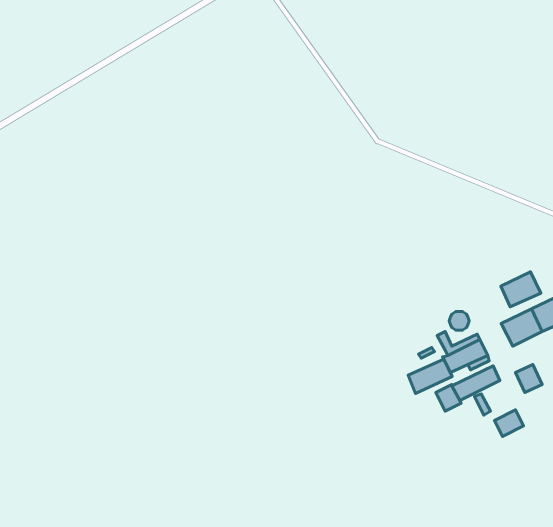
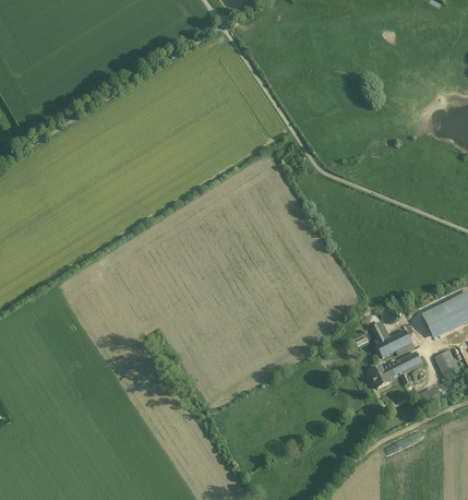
building: [501,272,541,307] -> none
building: [408,359,452,394] -> none

